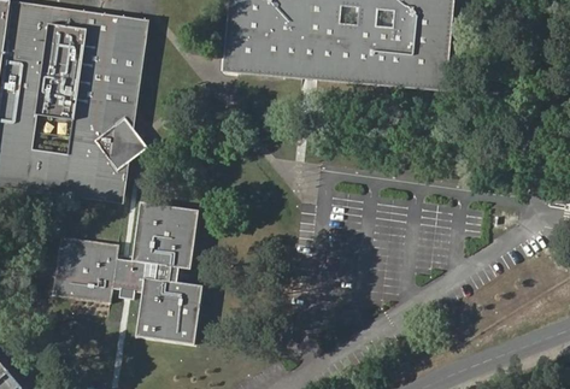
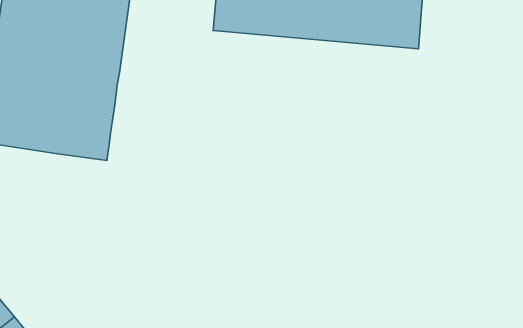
building: [123,122,152,172] -> none
building: [48,204,200,346] -> none

